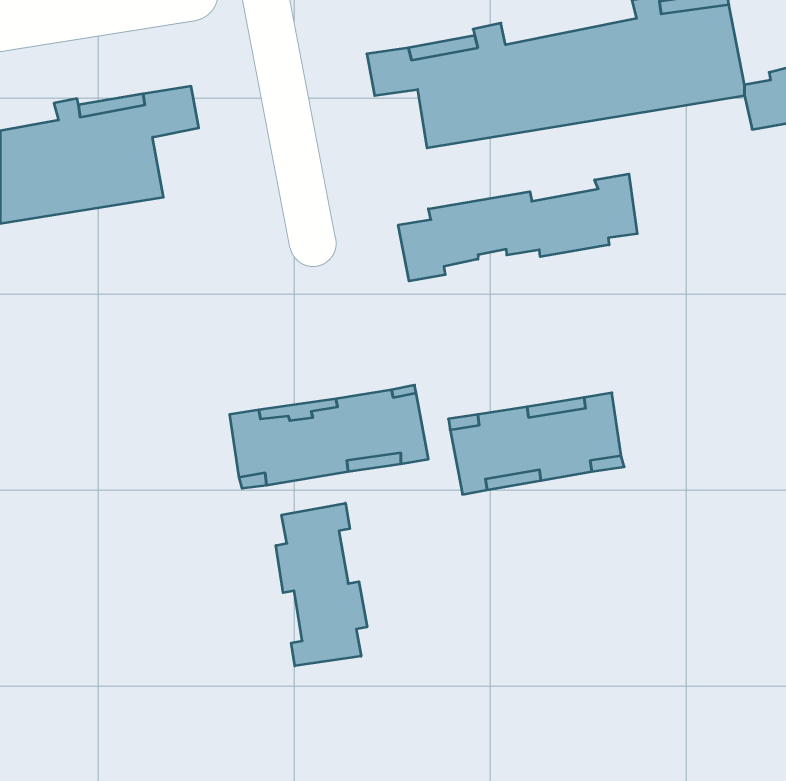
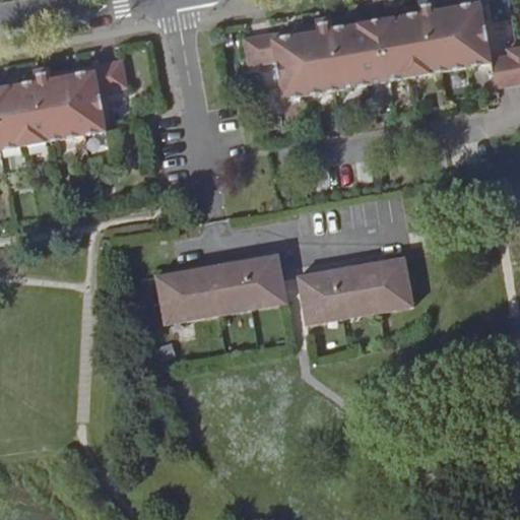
building: [398,174,637,281] -> none
building: [276,503,367,666] -> none

